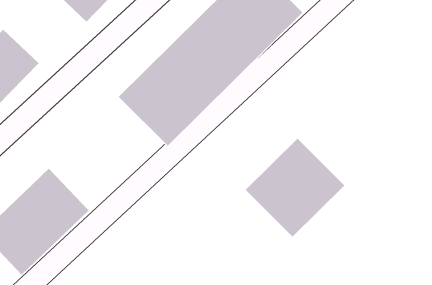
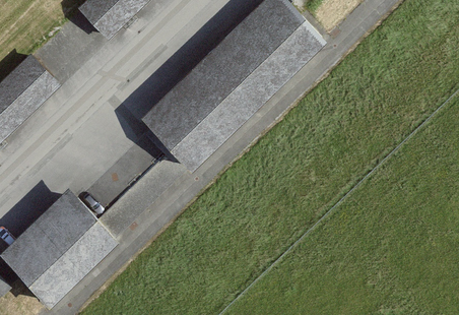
building: [245,138,345,238] -> none

